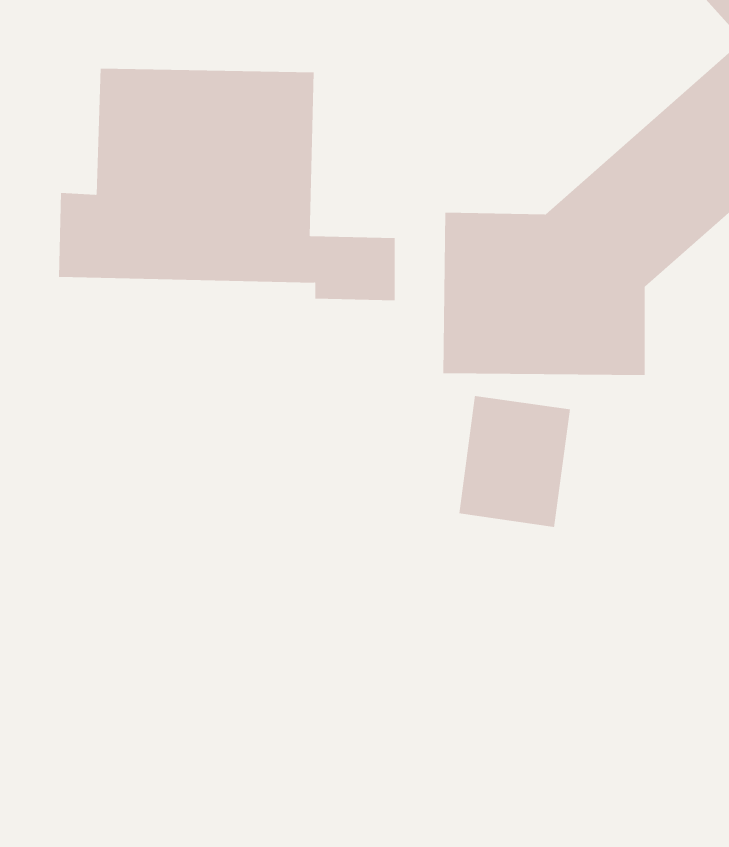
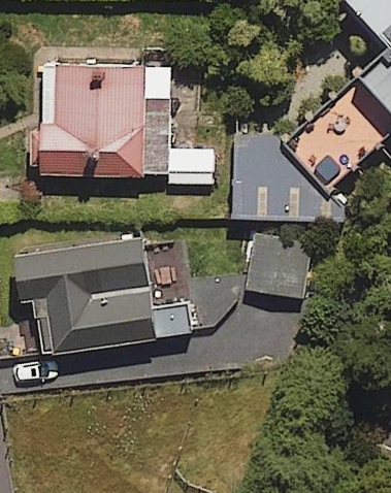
building: none -> [17,238,190,352]

